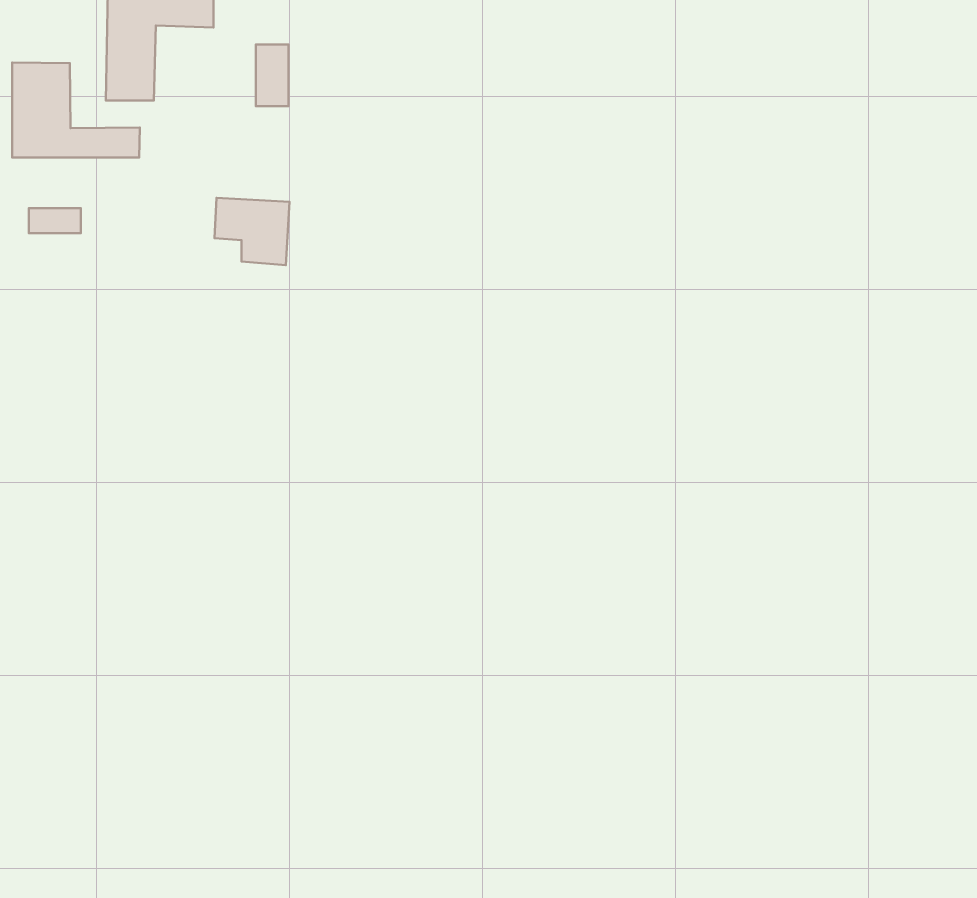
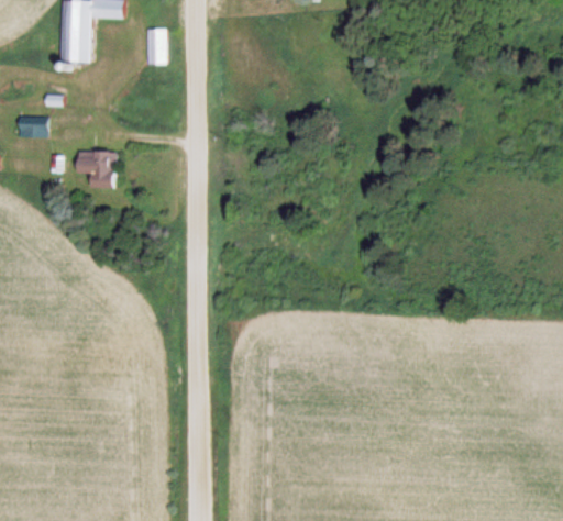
building: [12,62,140,157] -> none
building: [215,198,290,265] -> [74,148,117,187]

